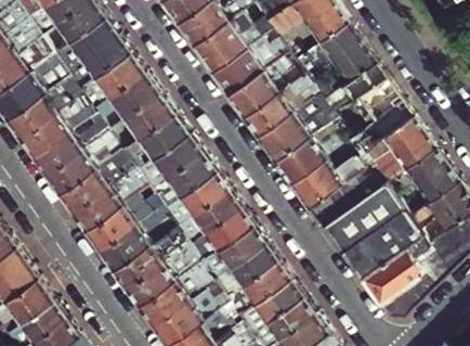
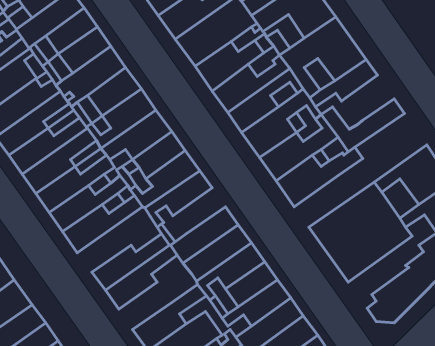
building: [356,79,403,123] -> none
building: [306,116,434,226] -> none
building: [190,188,240,232] -> none
building: [97,206,168,269] -> none
building: [358,234,431,304] -> none
building: [138,260,208,324] -> none

